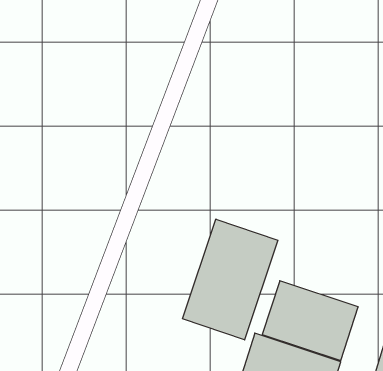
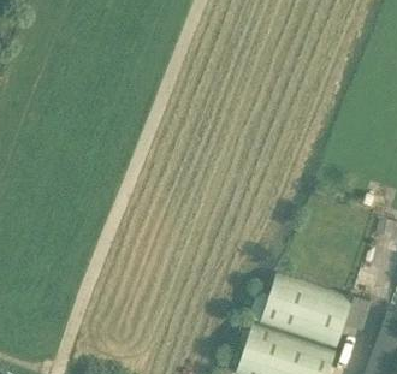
building: [183,219,278,340] -> none

